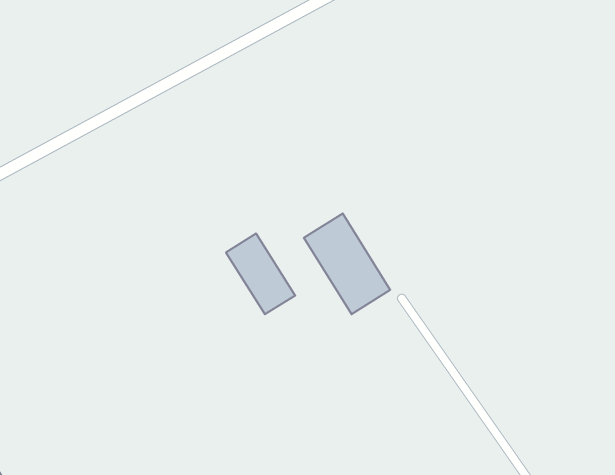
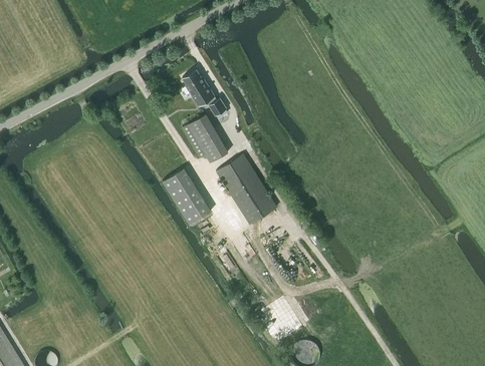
building: none -> [184,69,228,114]
building: none -> [184,116,224,160]

